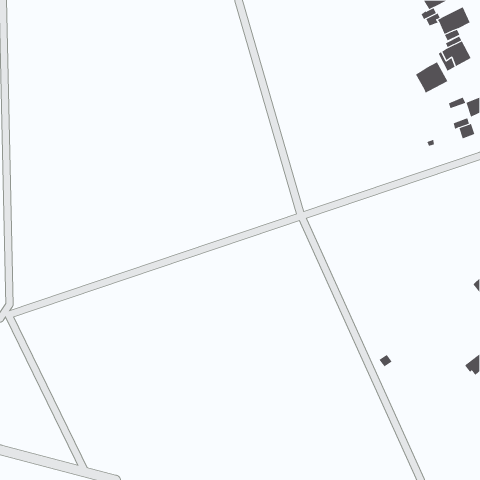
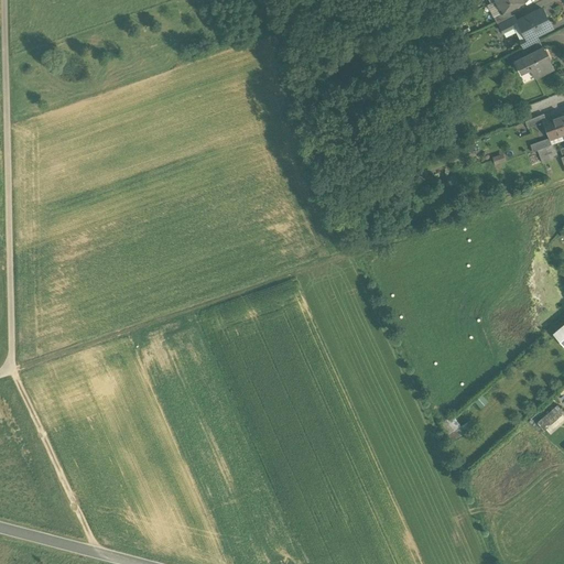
building: [415,61,448,93] -> none

